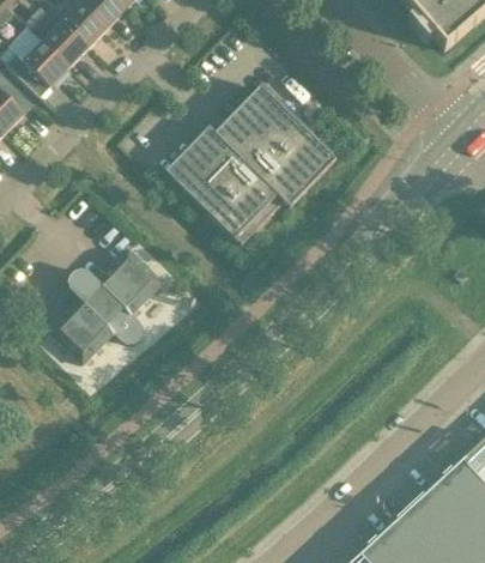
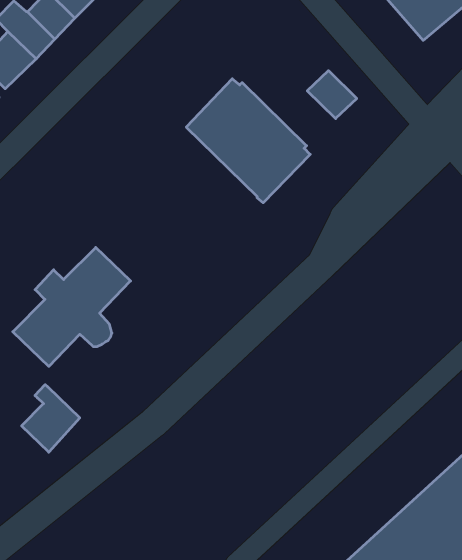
building: none -> [307,71,357,119]
building: [164,125,283,243] -> none
building: none -> [22,385,80,452]

